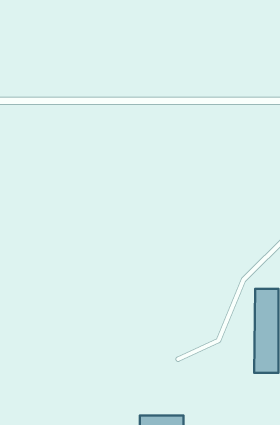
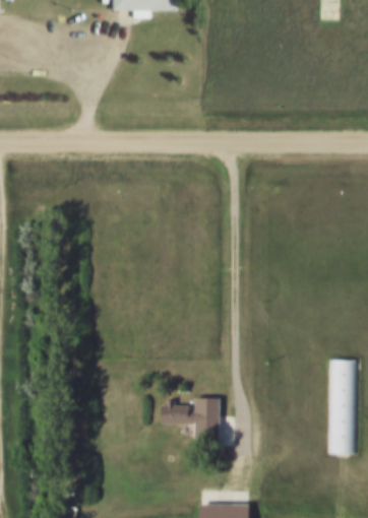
building: none -> [160,396,219,444]

